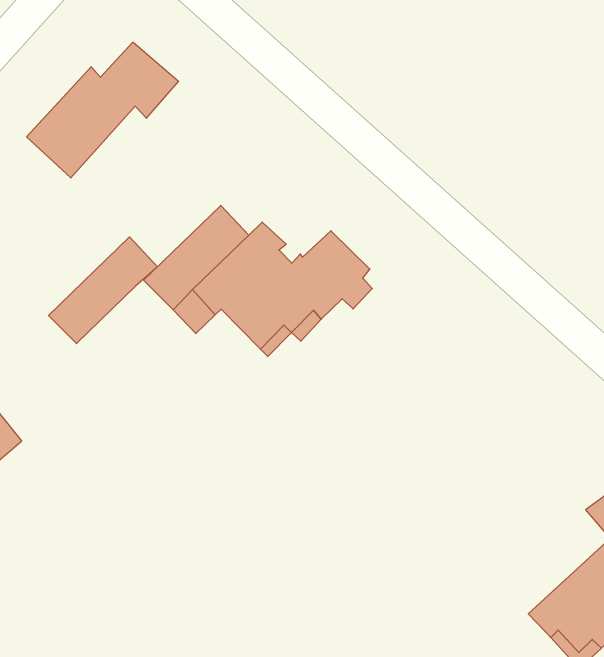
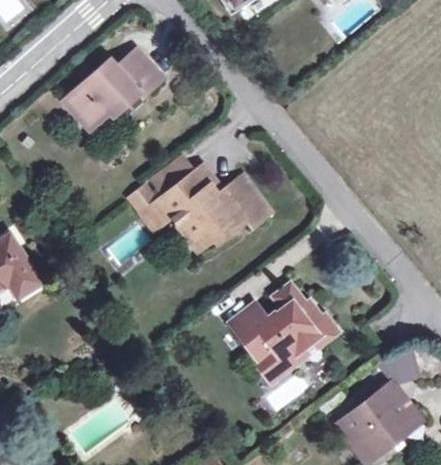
building: [49,237,157,344] -> none
building: none -> [229,285,336,373]

